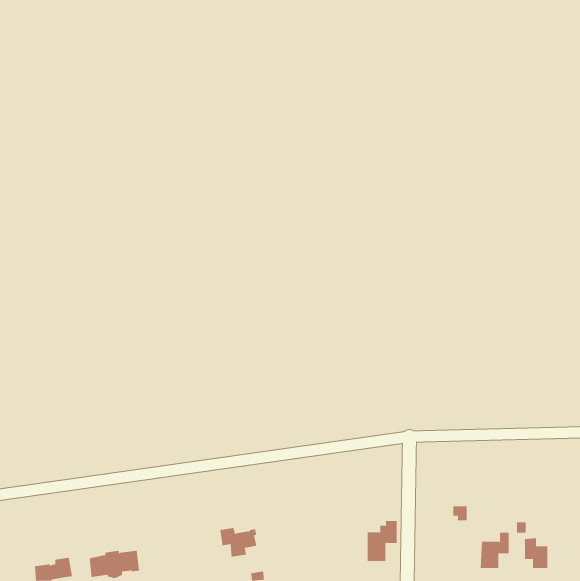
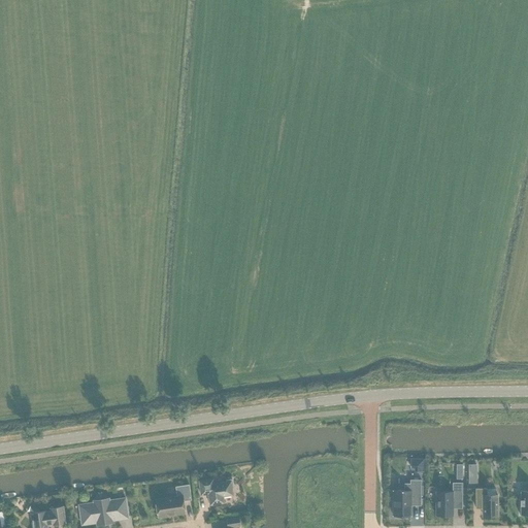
building: [367,521,398,562] -> [394,480,422,517]
building: none -> [156,485,192,517]

